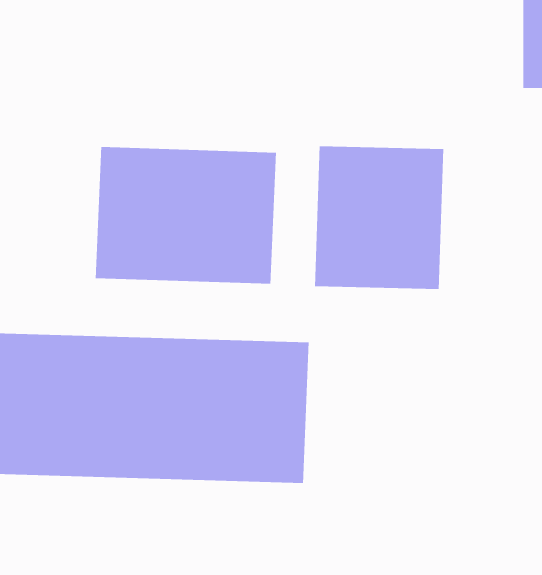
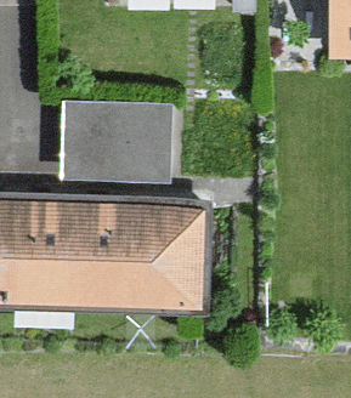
building: [314,146,444,290] -> none

